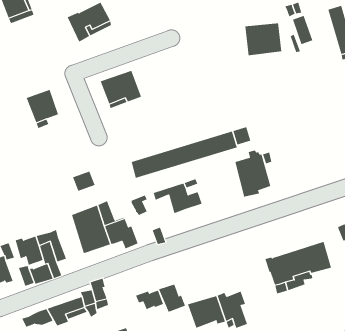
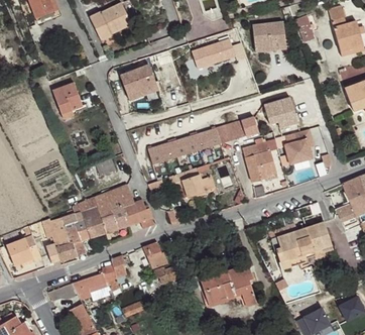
building: none -> [192,37,246,69]
building: none -> [263,97,297,127]
building: none -> [284,128,312,164]
building: none -> [72,198,105,238]
building: [158,284,186,312] -> [142,242,167,268]

